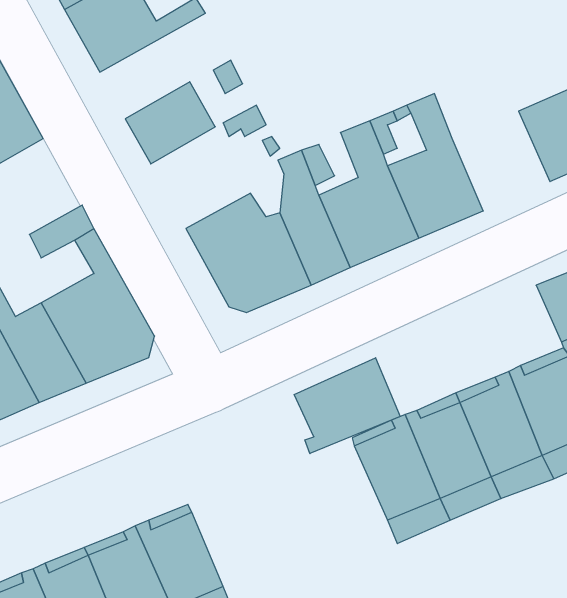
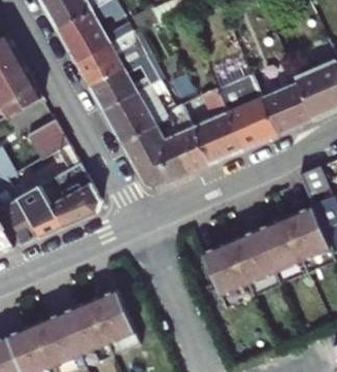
building: none -> [73,29,135,84]
building: none -> [259,80,310,133]
building: none -> [100,89,153,142]
building: [294,358,400,454] -> none

